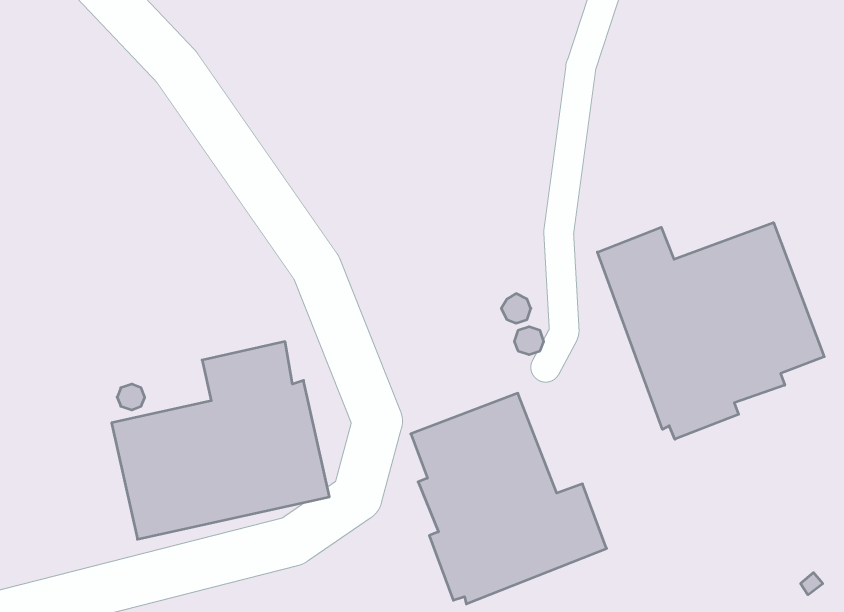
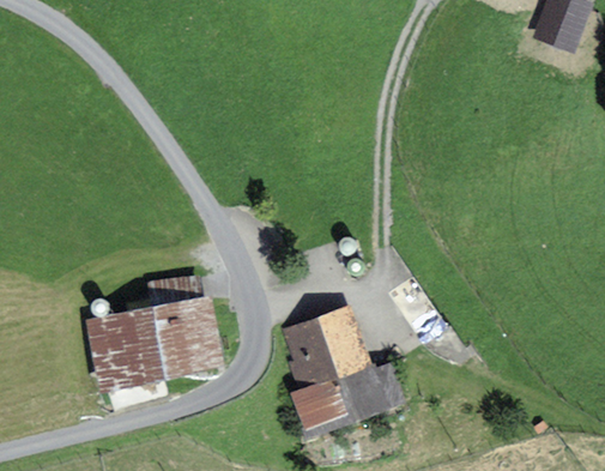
building: [597,223,824,439] -> none

